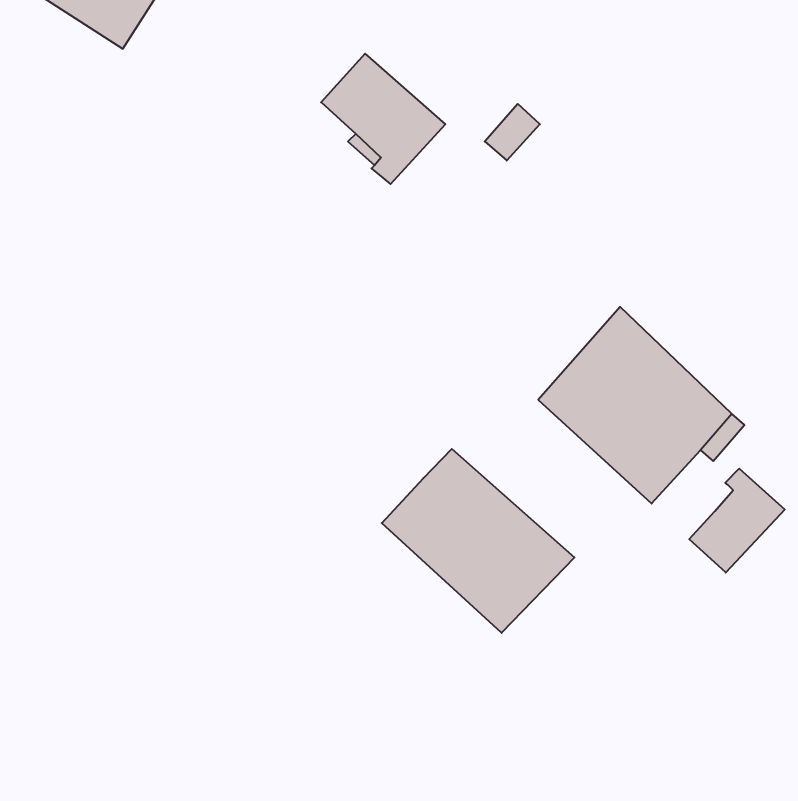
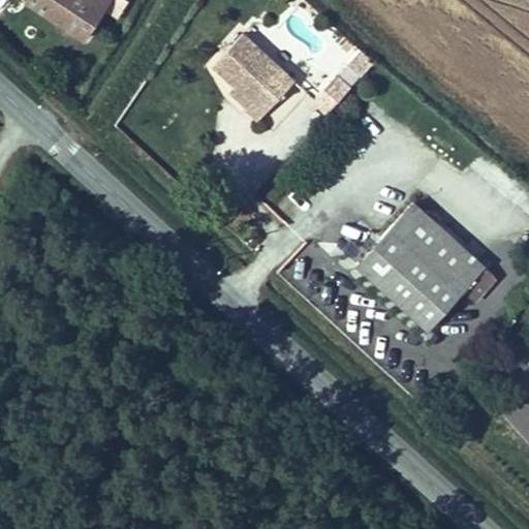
building: [382,449,574,633] -> none
building: [689,469,785,573] -> none

